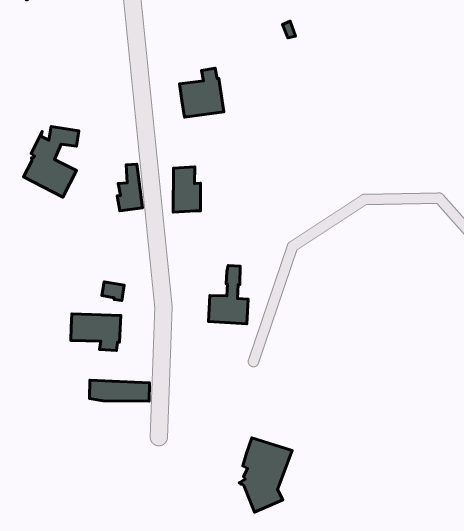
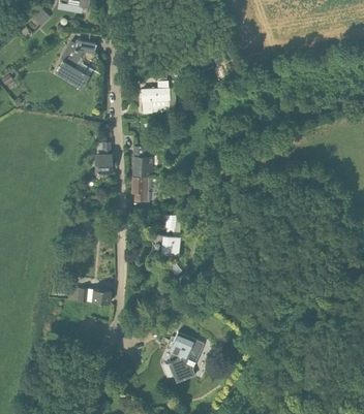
building: [24,126,79,197] -> [56,39,95,88]
building: none -> [132,177,150,211]
building: [71,314,121,351] -> none

